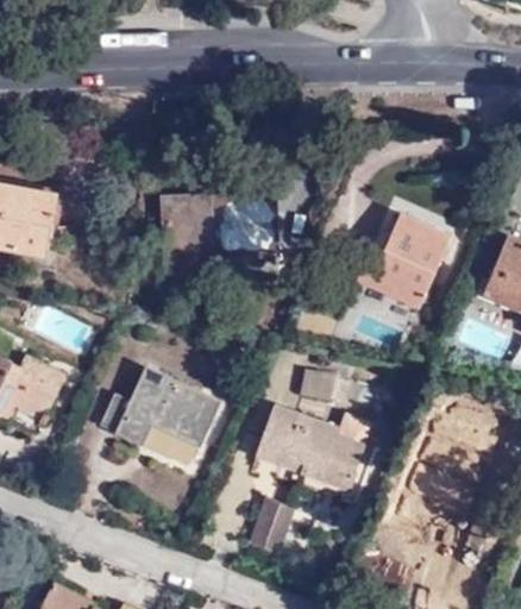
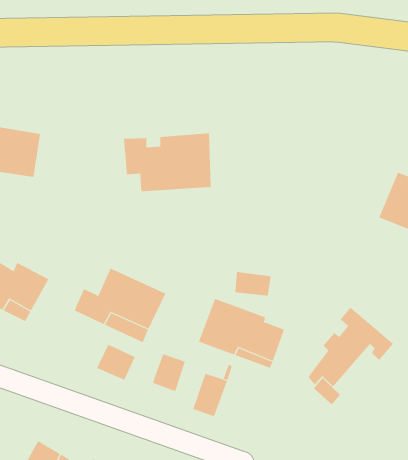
building: [353,218,451,308] -> none
building: none -> [97,344,135,381]
building: none -> [152,353,185,392]

